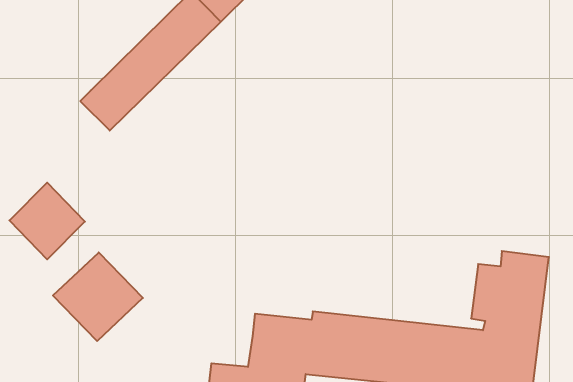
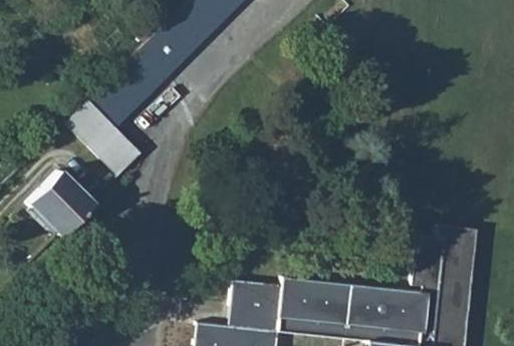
building: none -> [71,99,142,170]
building: [53,252,143,341] -> none

